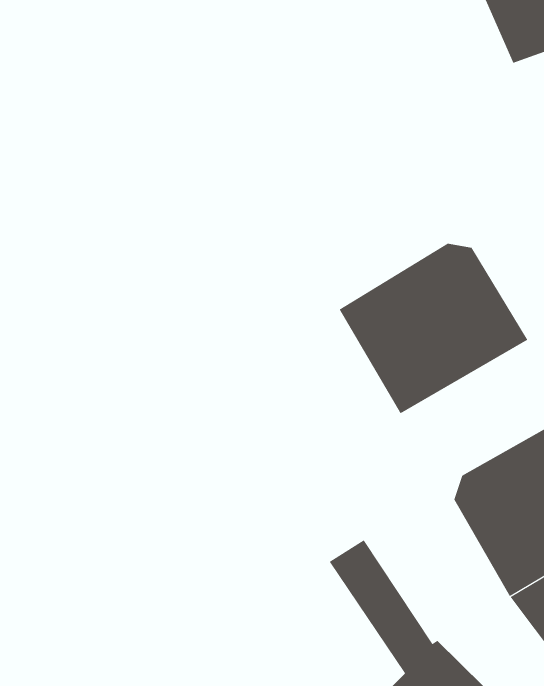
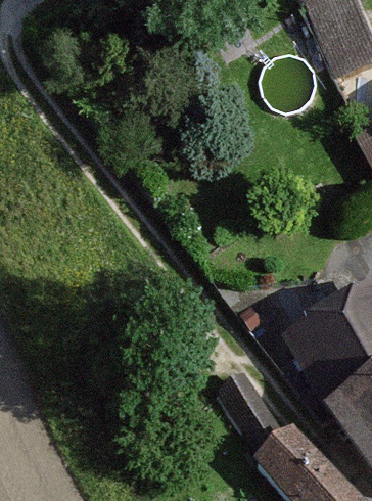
building: [339,243,528,414] -> none

